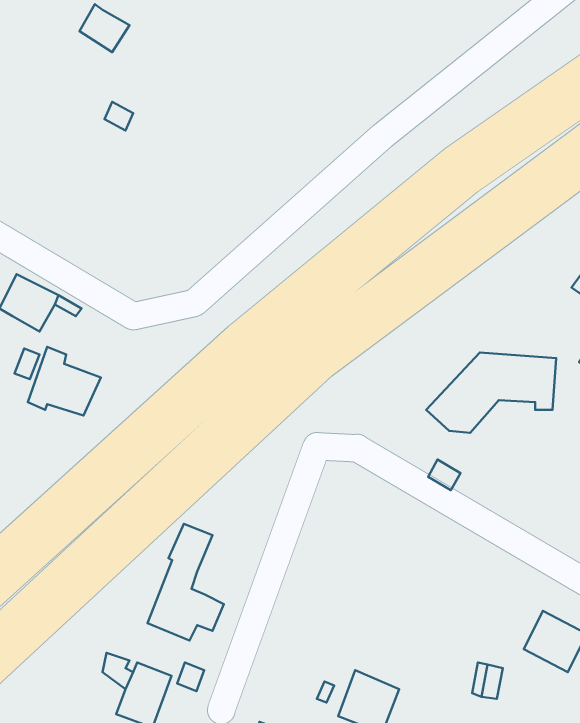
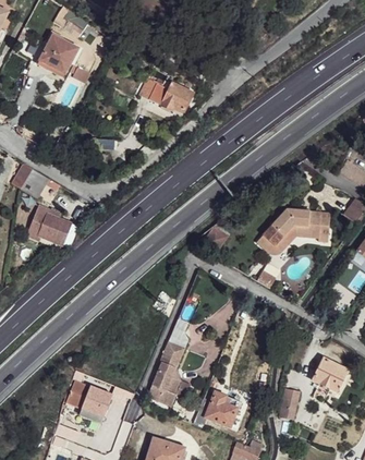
building: none -> [40,34,78,73]
building: none -> [150,80,193,111]
building: [147,524,224,640] -> [147,340,191,407]

